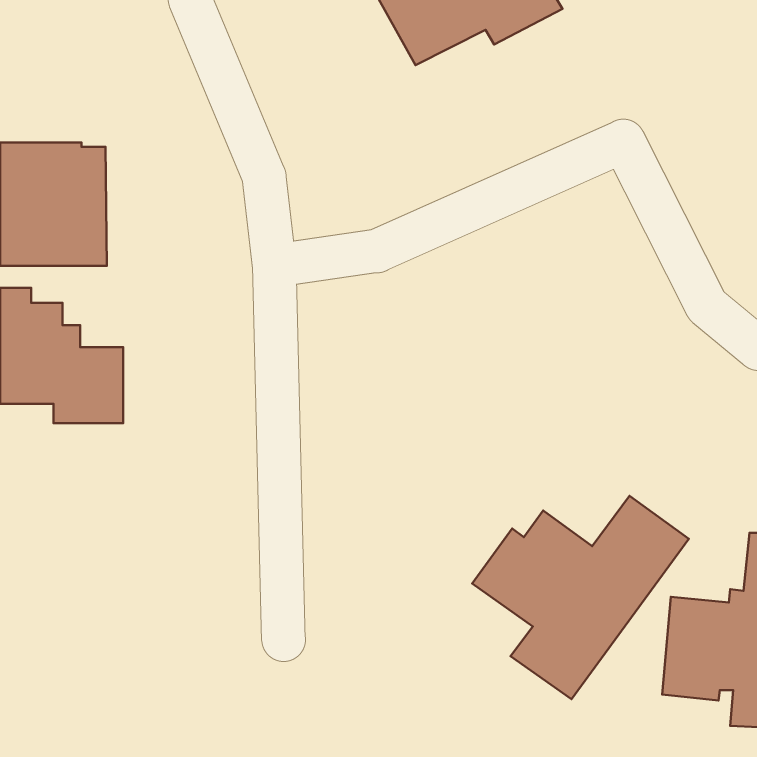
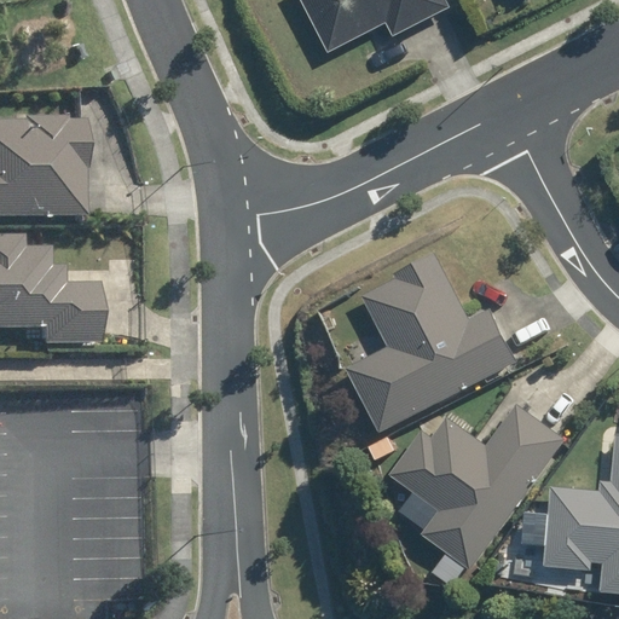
building: none -> [342,253,515,433]

